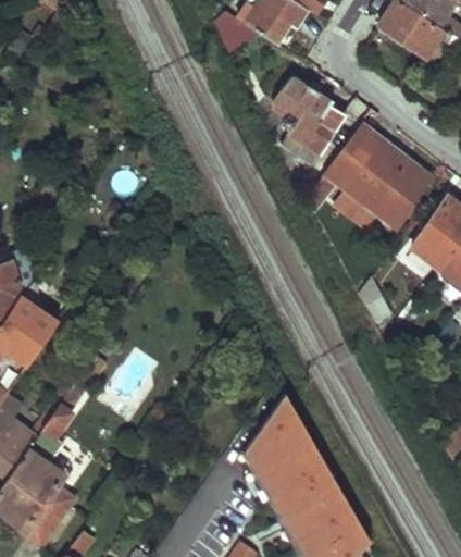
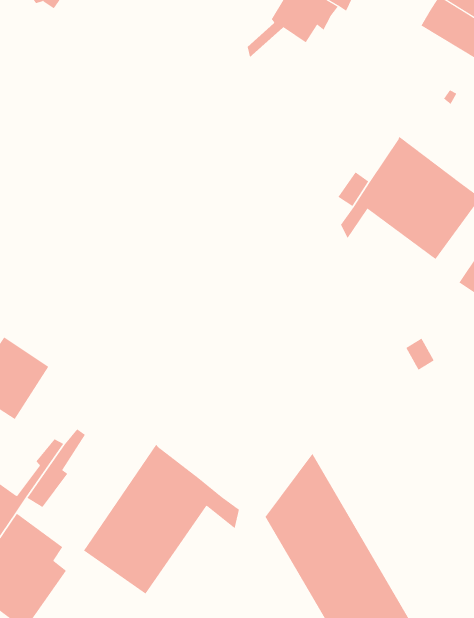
building: [274,74,371,162] -> none
building: none -> [83,444,240,594]

